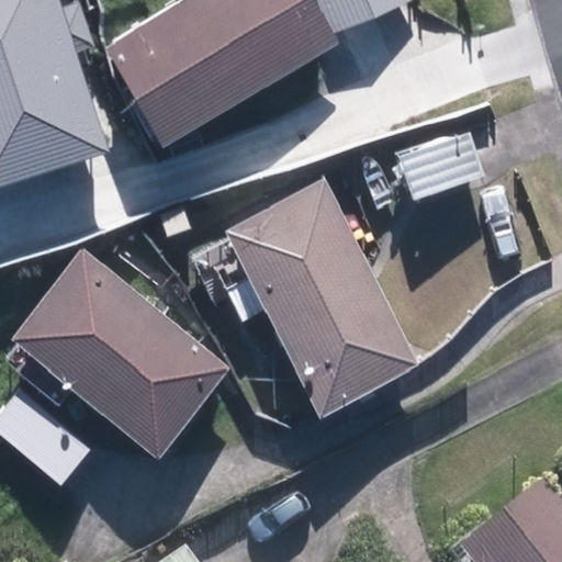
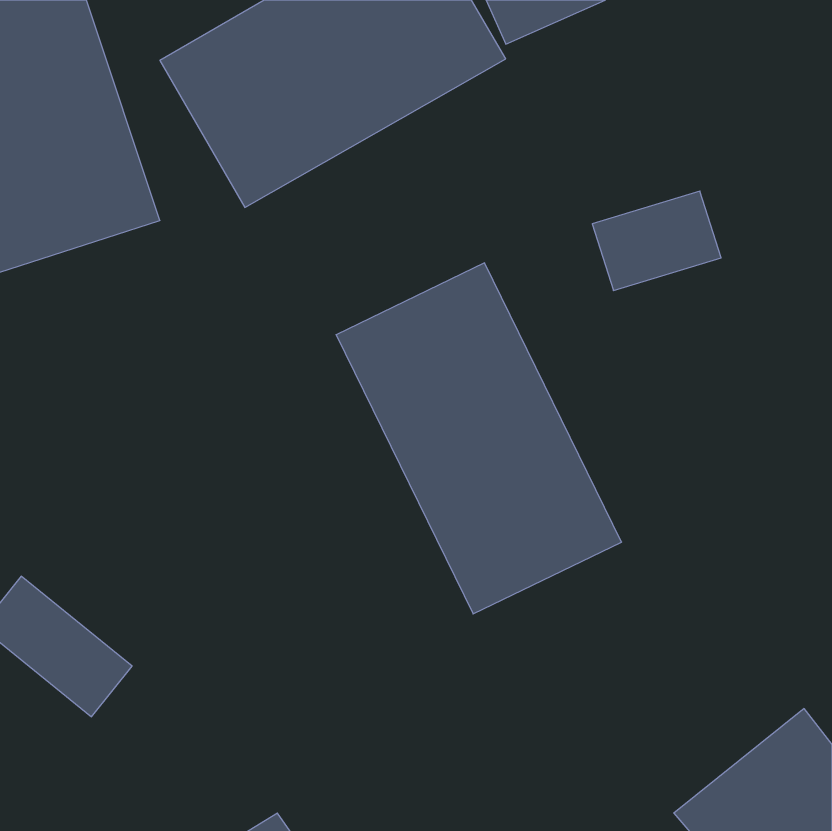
building: [8,246,234,459] -> none

